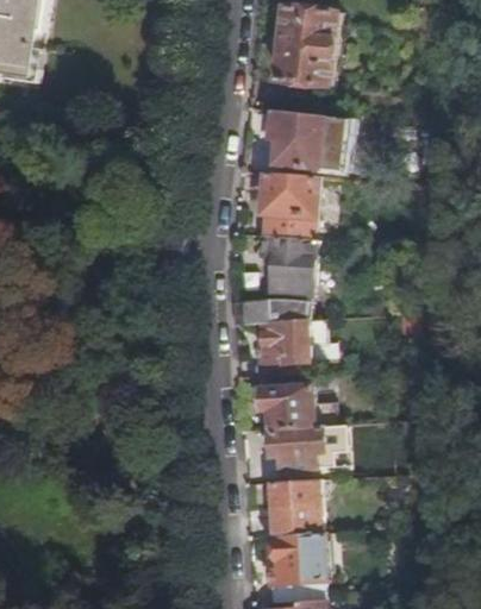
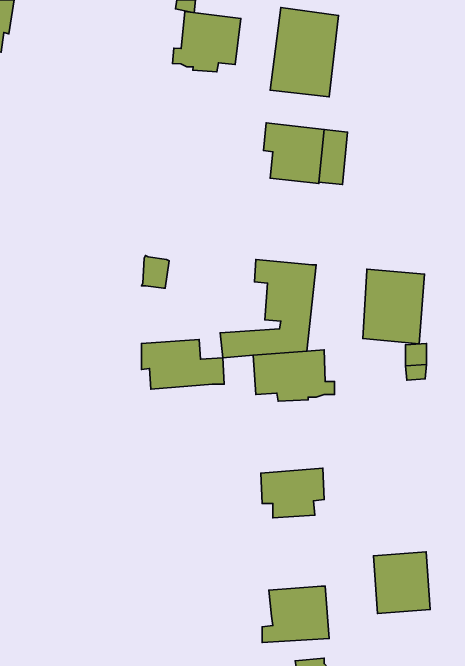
building: none -> [173,12,241,72]
building: [260,172,316,240] -> [363,269,425,344]
building: [256,384,331,429] -> [142,339,224,389]
building: [268,479,319,535] -> [374,552,430,613]

